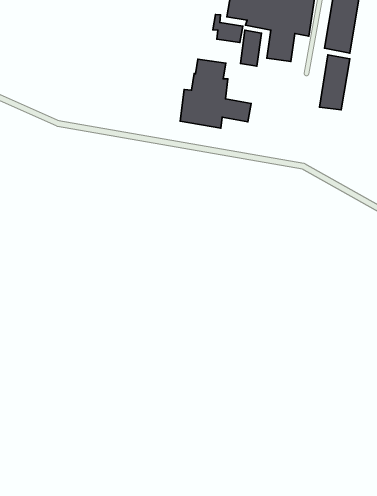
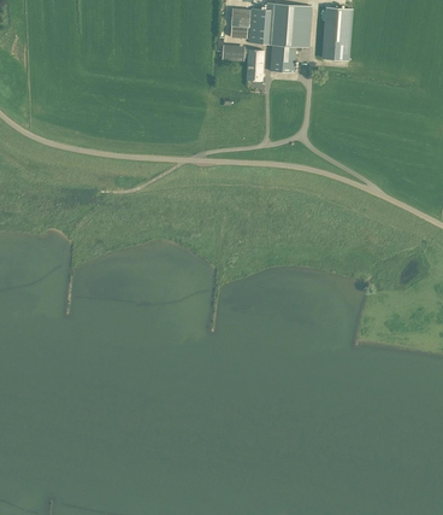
building: [319,55,350,110] -> none
building: [180,59,251,128] -> none

